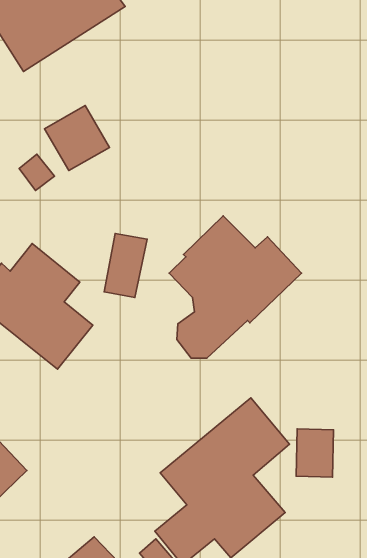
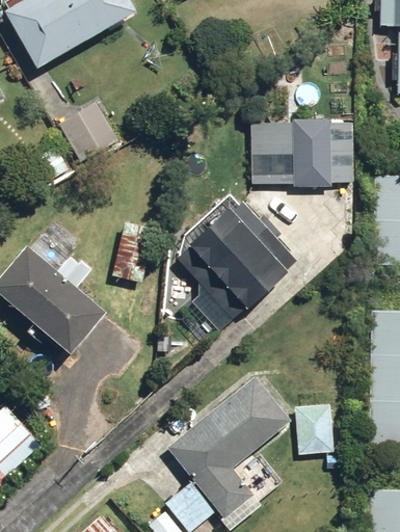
building: none -> [250,117,352,186]

